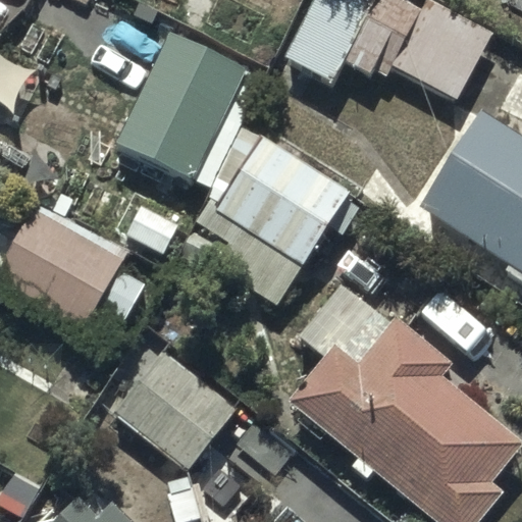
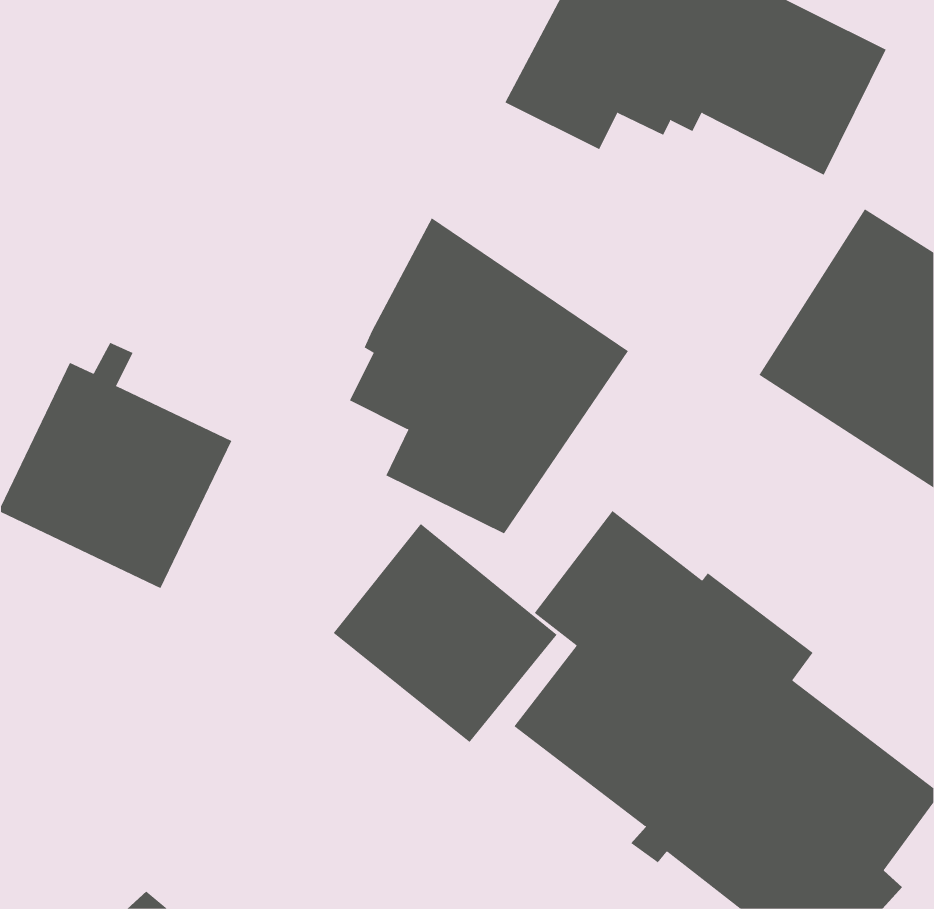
building: [115,31,263,185] -> none
building: [115,349,241,471] -> [333,523,558,743]

